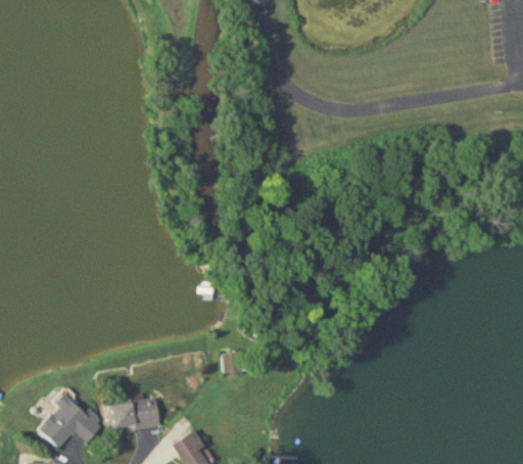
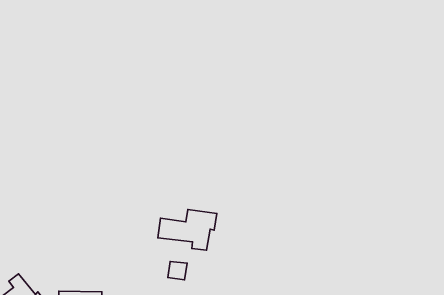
building: none -> [158,210,217,250]

